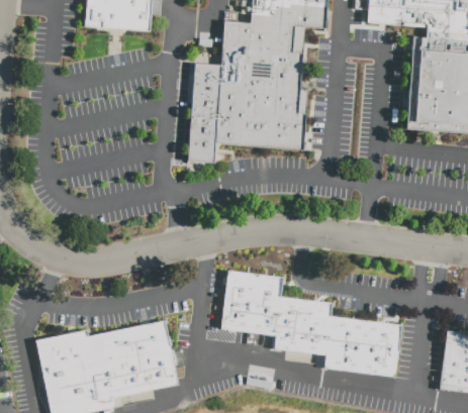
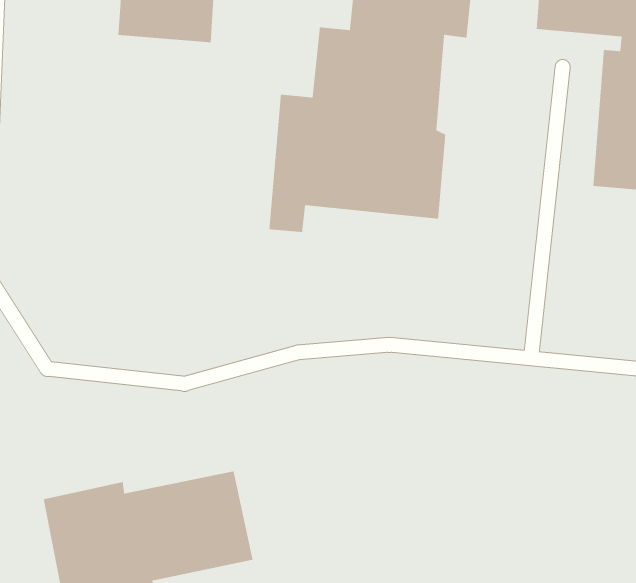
building: [221,271,399,375] -> none

